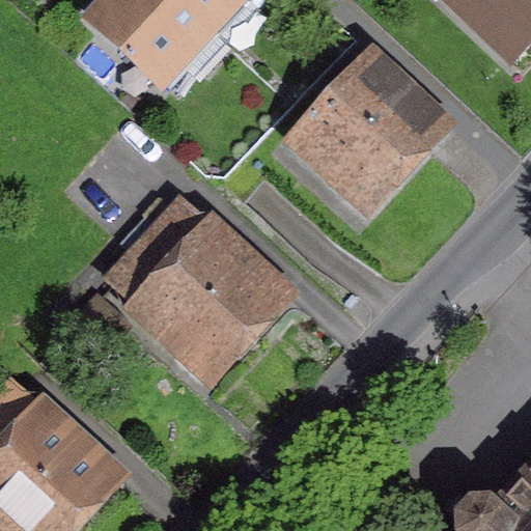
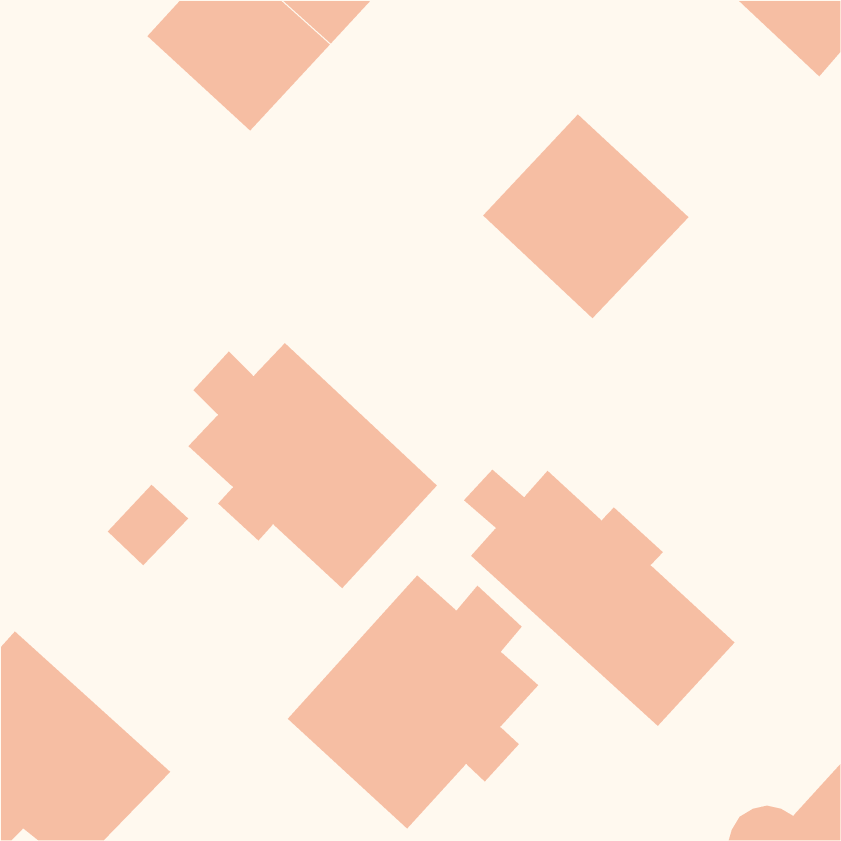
building: none -> [463,468,736,727]
building: none -> [287,574,539,830]

